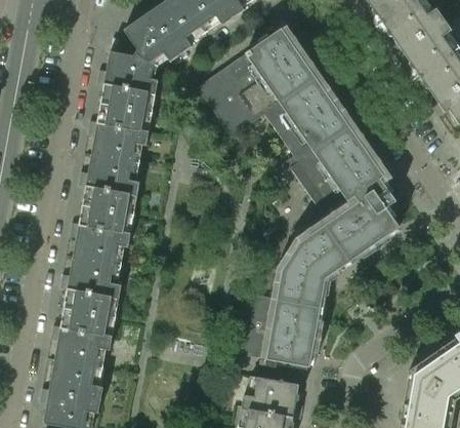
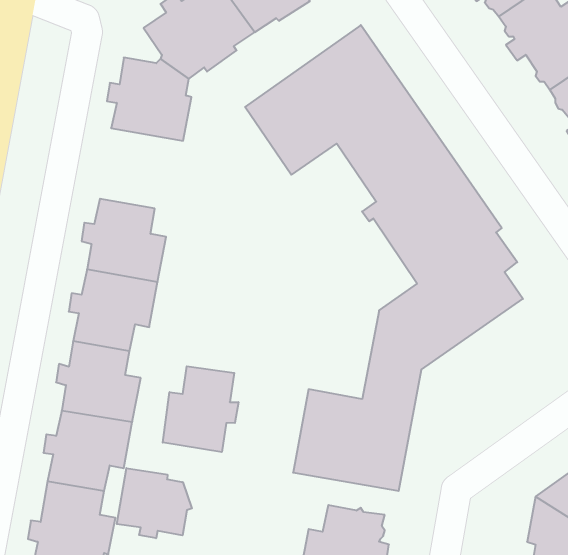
building: [88,102,153,160] -> none
building: none -> [163,366,238,452]
building: none -> [117,468,192,538]

